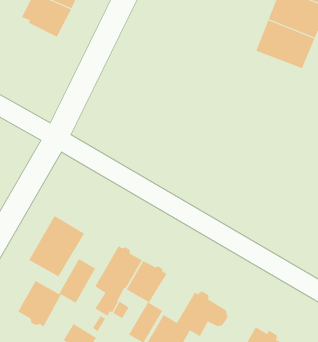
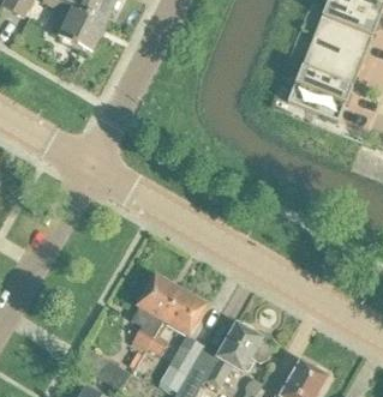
building: none -> [287,67,351,121]
building: [29,215,85,277] -> none
building: [17,258,96,328] -> none

